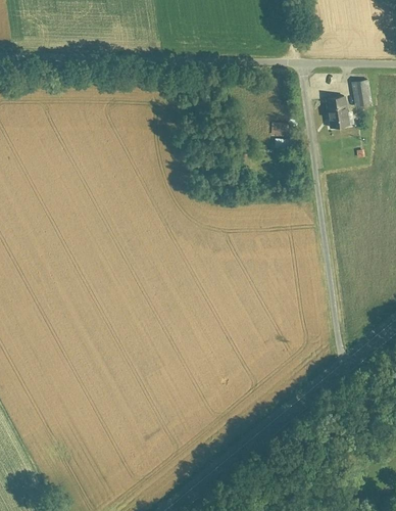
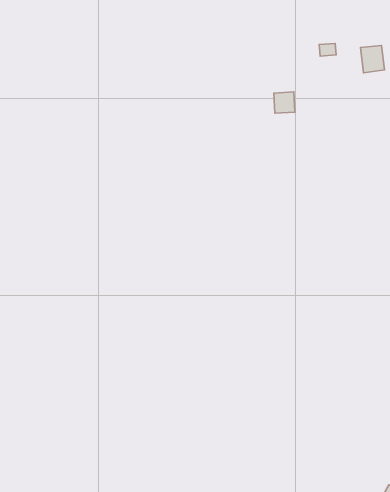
building: [327,96,349,128] -> none

